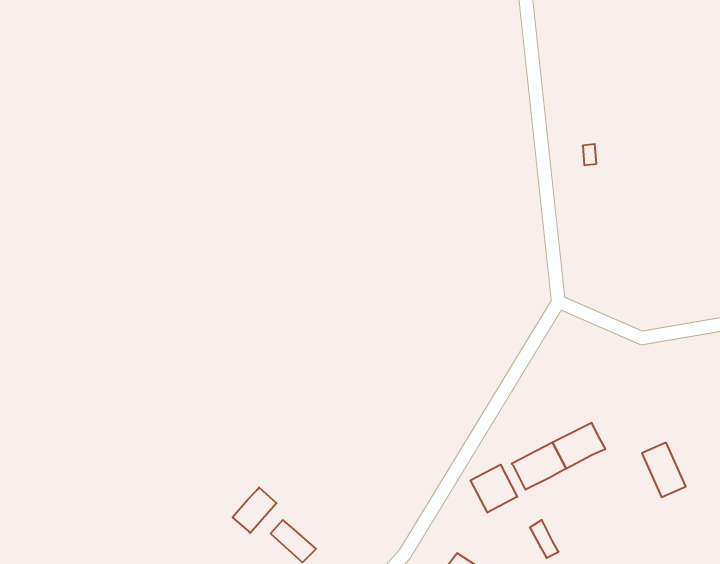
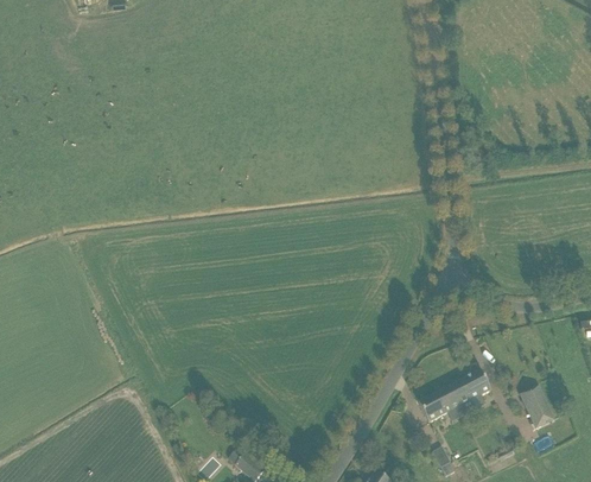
building: [471,465,517,513] -> none
building: [233,487,277,533] -> none

